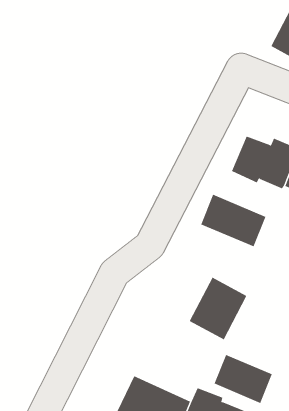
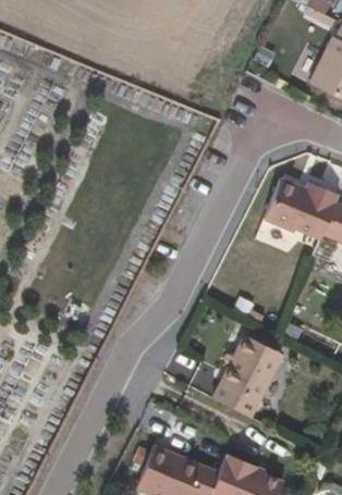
building: [201,194,266,247] -> none
building: [214,354,272,404] -> none

